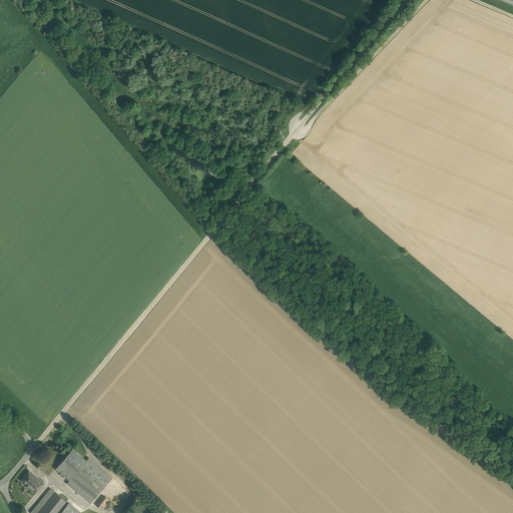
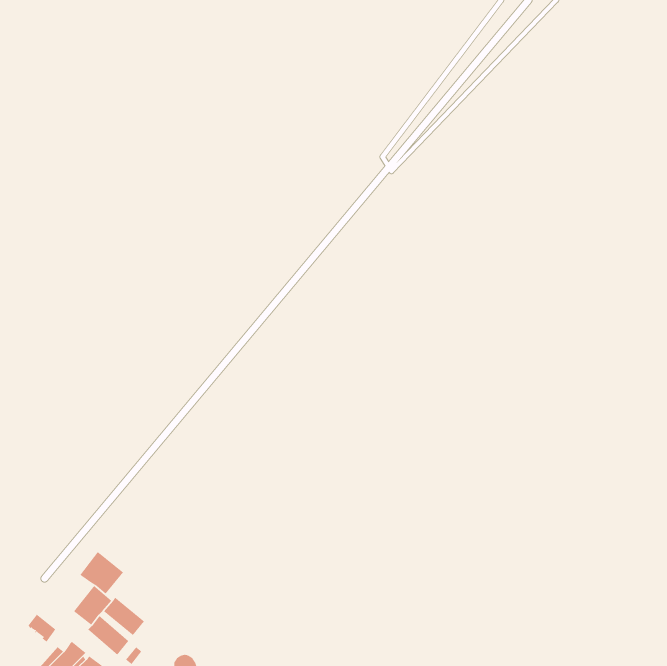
building: none -> [80,551,124,595]

